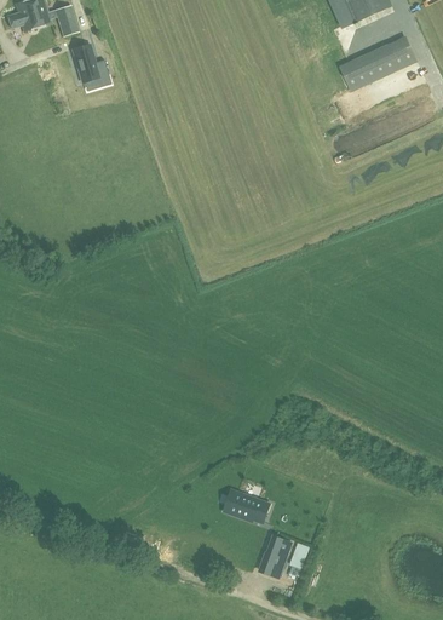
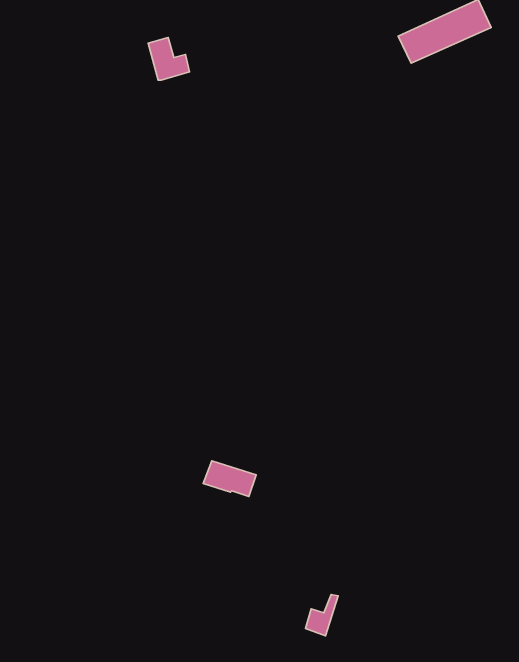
building: [70,42,105,79] -> [148,37,190,80]
building: [224,490,269,521] -> [203,461,256,496]

